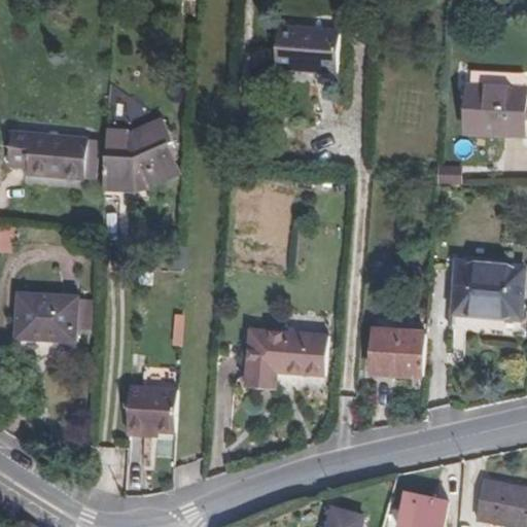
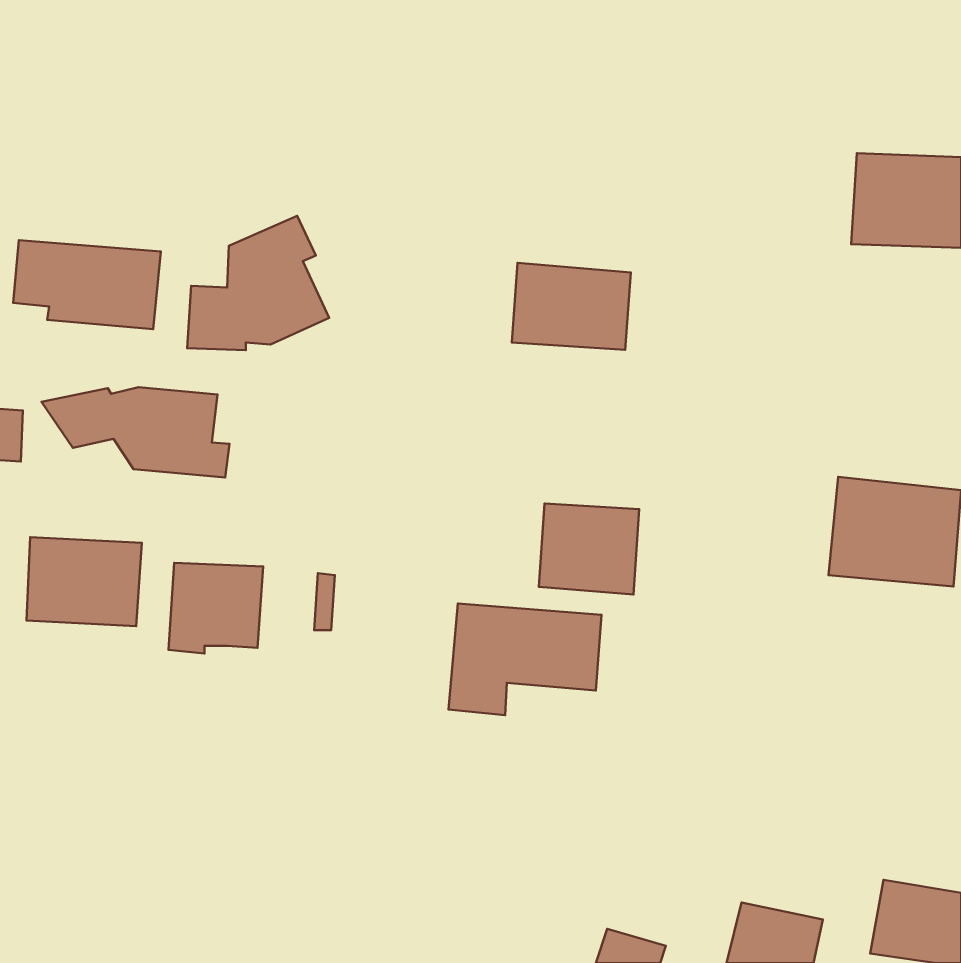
building: [273,25,338,72] -> [512,263,631,350]
building: none -> [41,387,229,477]
building: [370,327,424,377] -> [539,504,639,594]
building: [126,386,177,435] -> [169,563,263,654]

